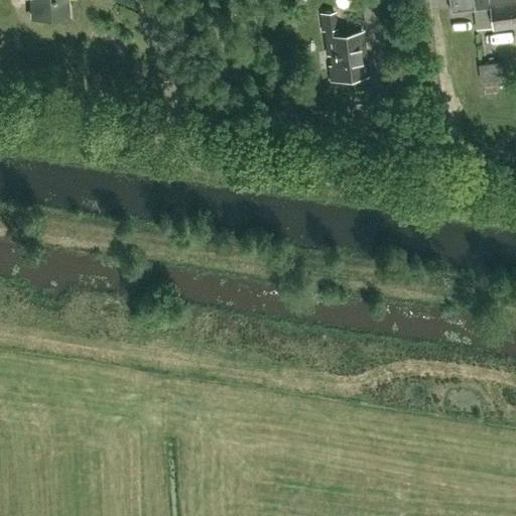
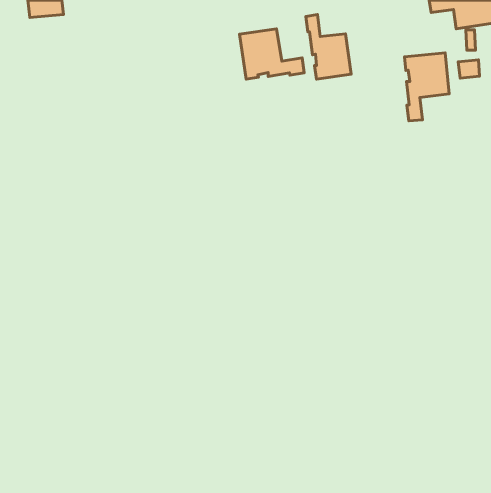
building: none -> [239,29,304,79]
building: none -> [405,53,449,121]

